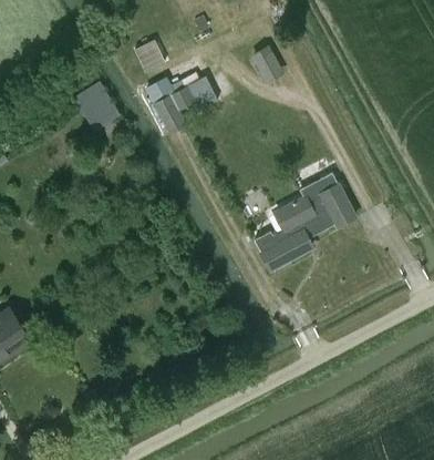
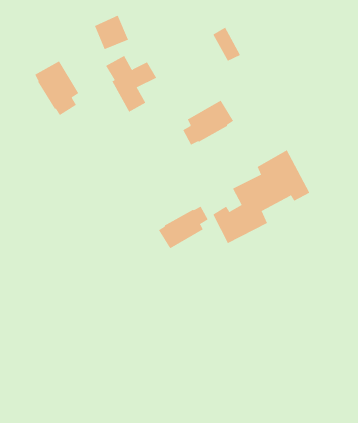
building: none -> [182,100,234,146]
building: none -> [158,206,208,249]

